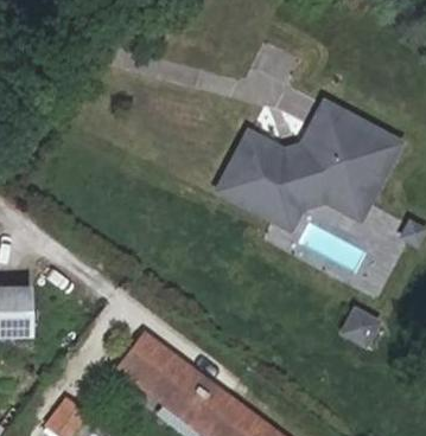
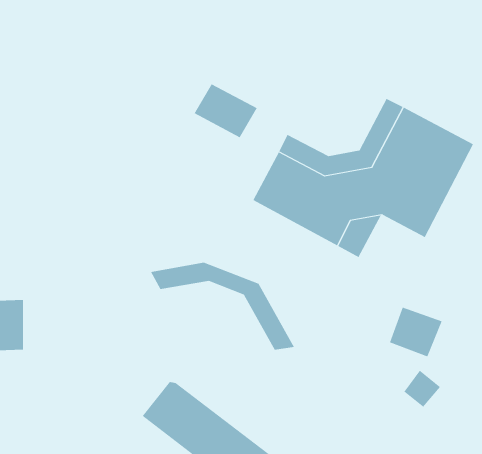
building: none -> [194,83,258,138]
building: none -> [150,262,295,350]

